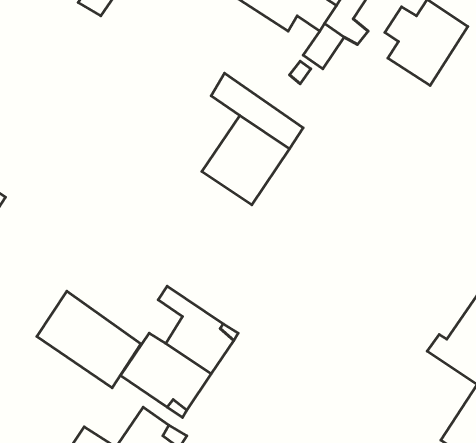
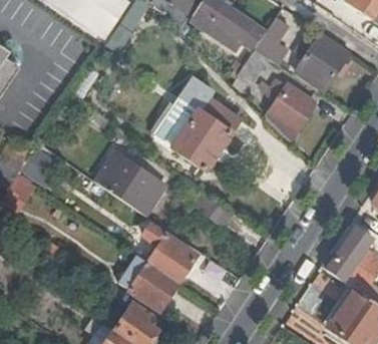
building: none -> [266,78,315,130]
building: none -> [153,96,198,146]
building: [37,291,141,388] -> [95,150,164,215]

